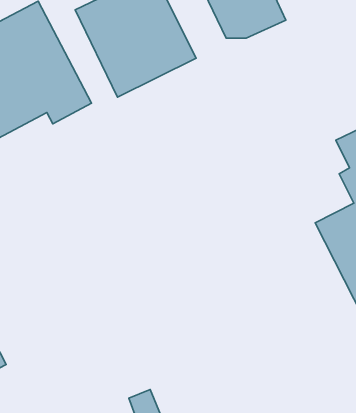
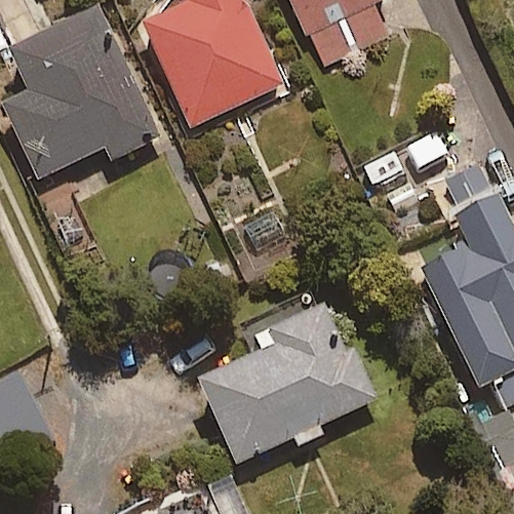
building: none -> [199,306,377,462]

